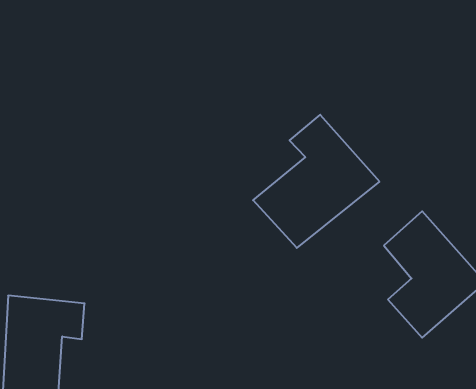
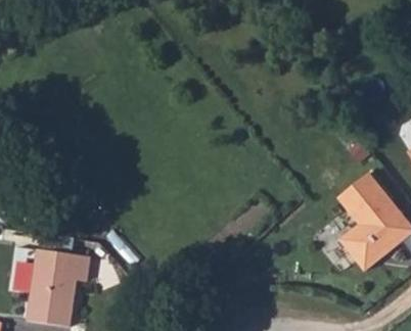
building: [253,115,379,248] -> none

